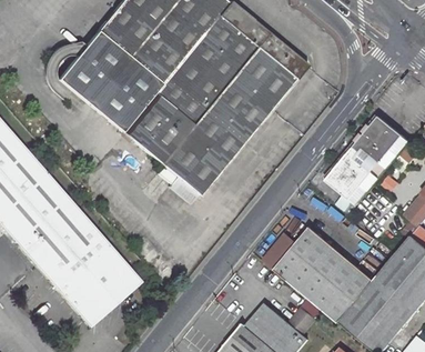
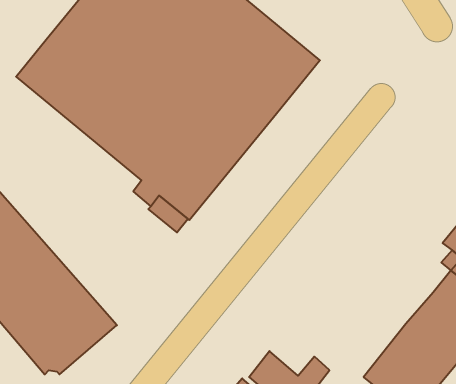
building: [327,115,411,204] -> none
building: [265,227,375,323] -> none

